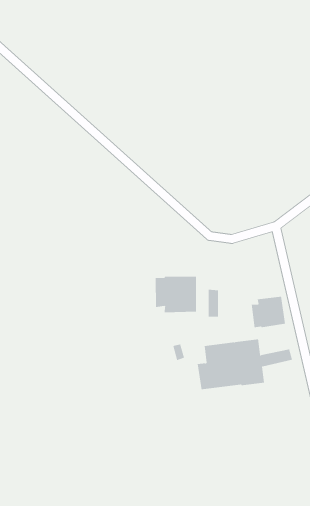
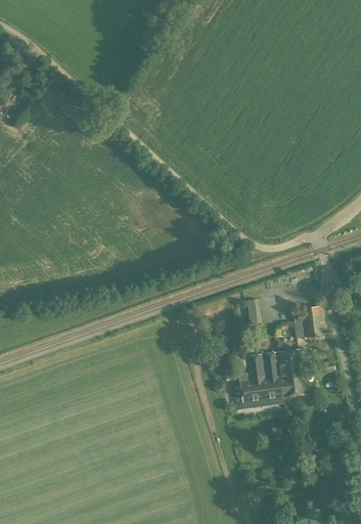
building: [155,276,197,313] -> none

